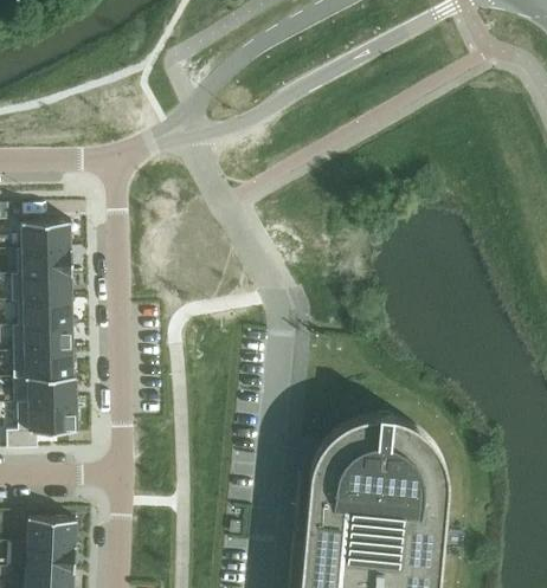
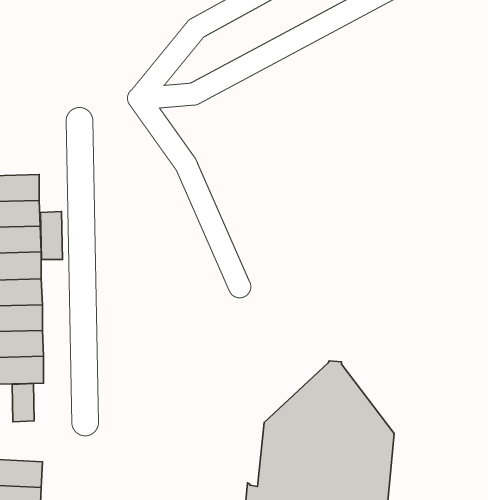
building: none -> [40,211,63,260]
building: none -> [12,383,34,422]

